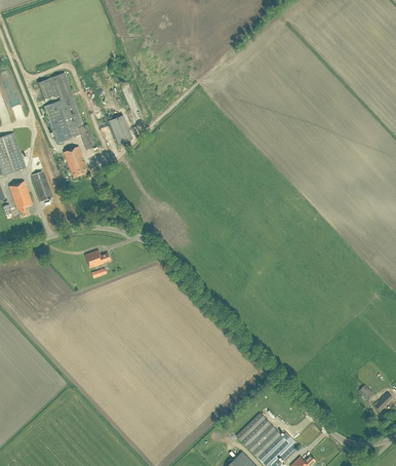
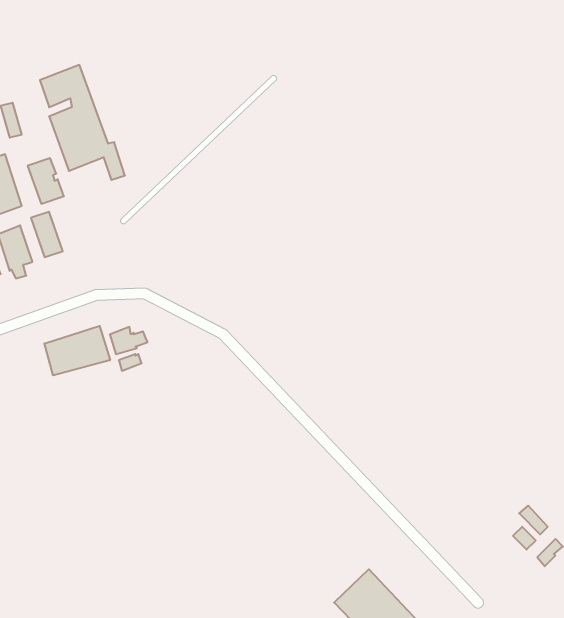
building: [108,115,132,146] -> none
building: [64,147,88,178] -> [28,158,64,204]
building: none -> [44,326,110,375]

